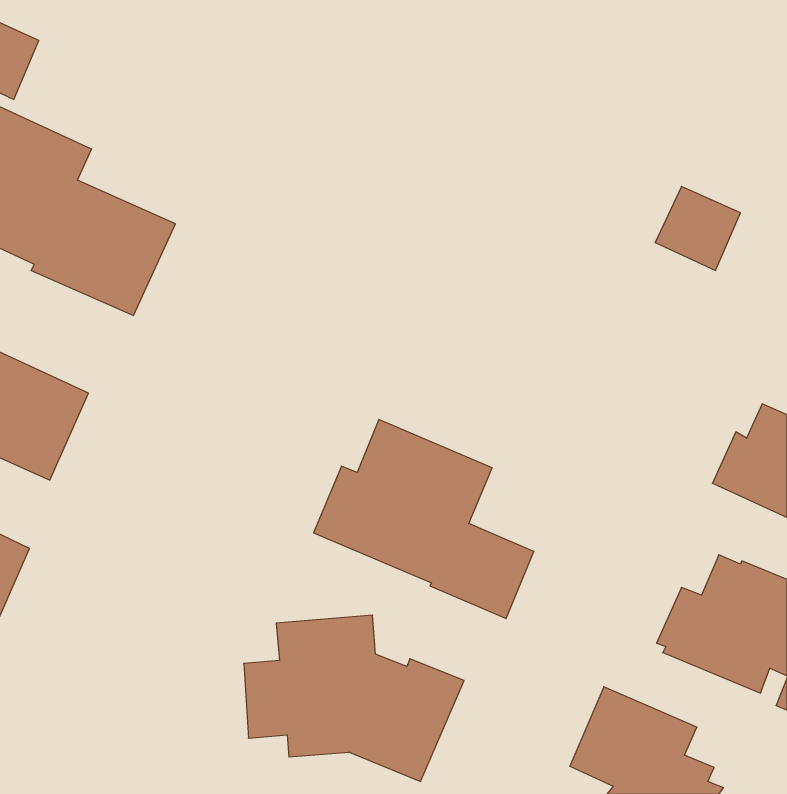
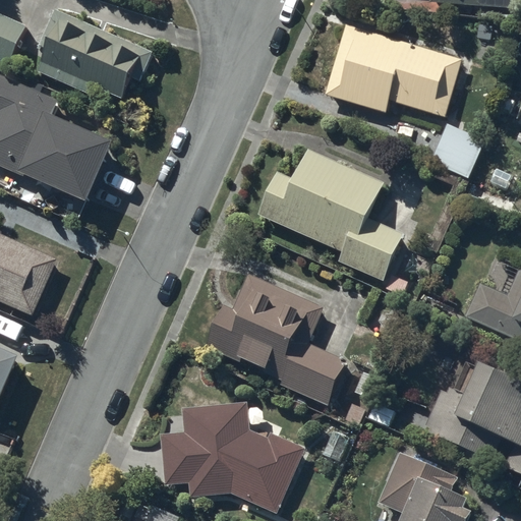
building: none -> [35,9,152,101]
building: none -> [325,24,461,115]
building: none -> [259,146,407,289]

